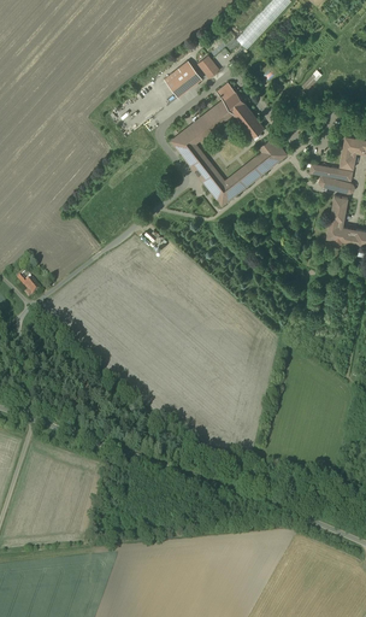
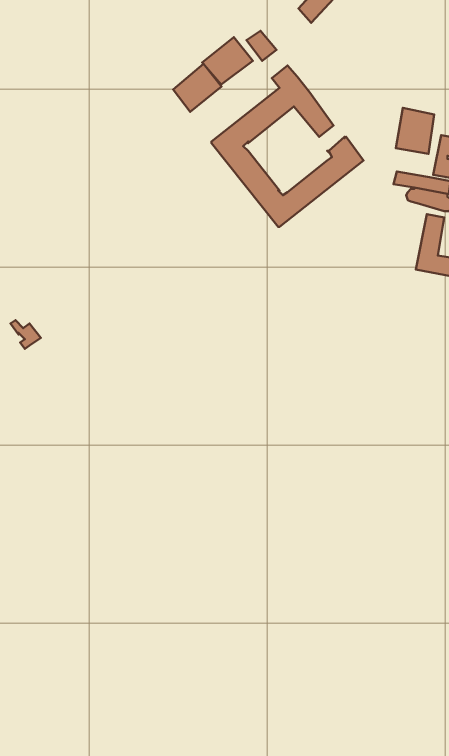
building: none -> [173,64,222,112]
building: none -> [396,108,434,154]

